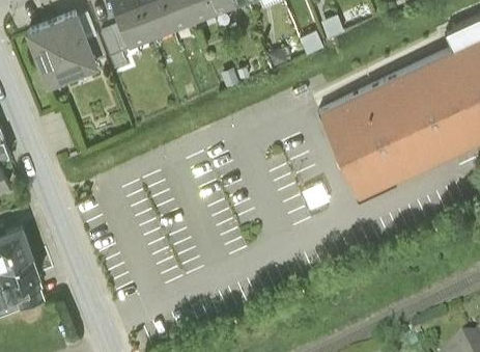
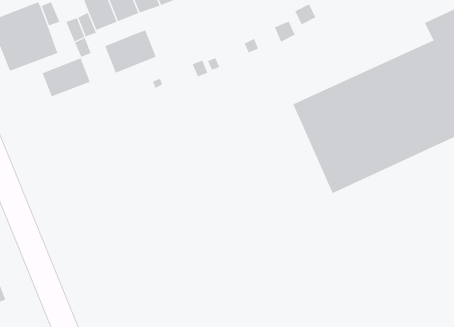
building: none -> [104,29,157,74]
building: none -> [42,58,90,97]

